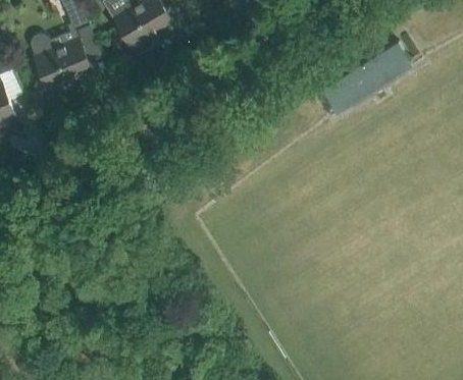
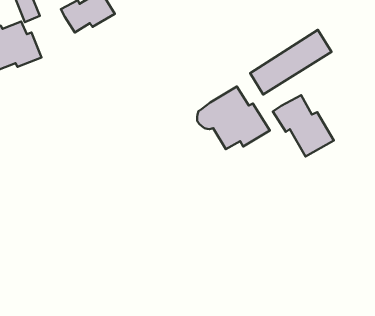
building: none -> [197,87,270,149]
building: none -> [273,95,334,157]

